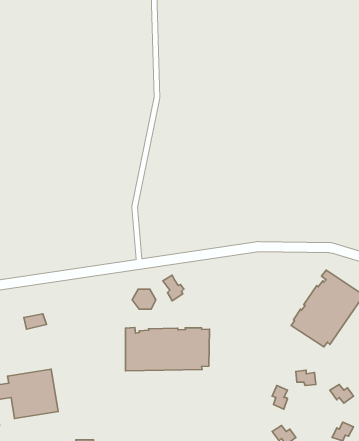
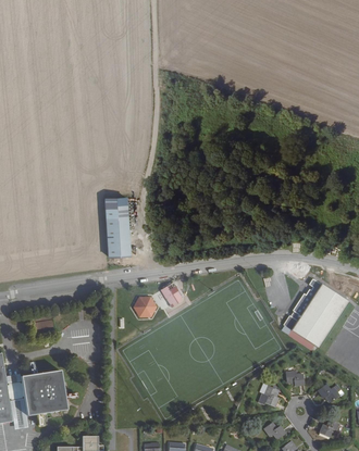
building: none -> [104,198,129,256]
building: [125,328,209,371] -> none

